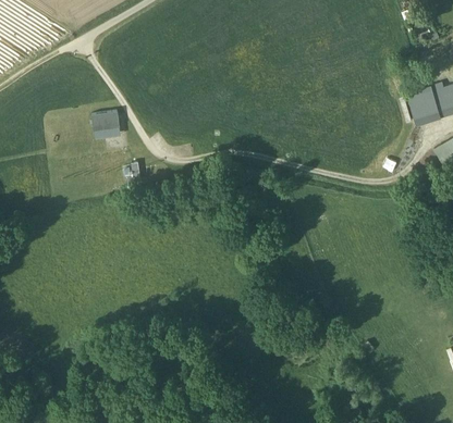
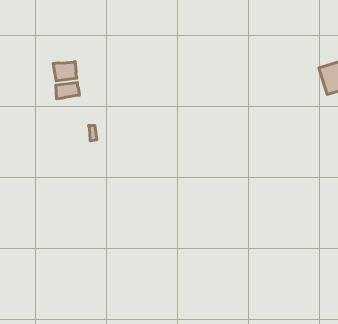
building: none -> [53,62,77,81]

